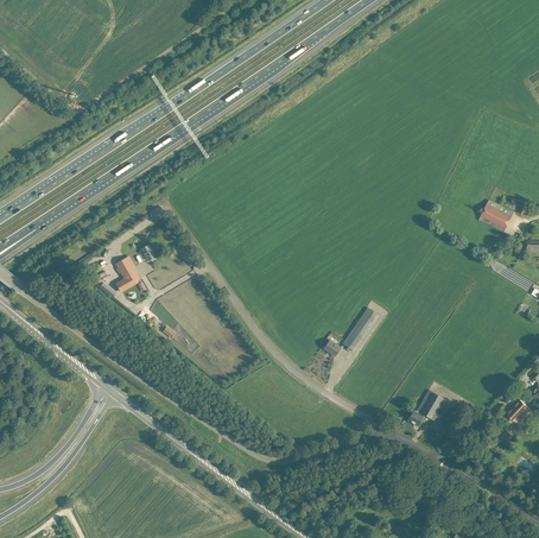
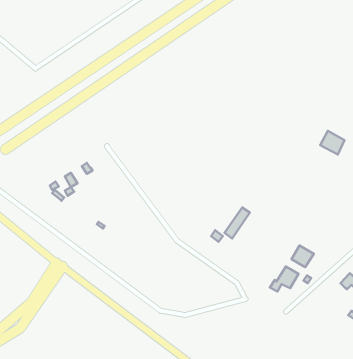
building: none -> [291,246,314,267]

